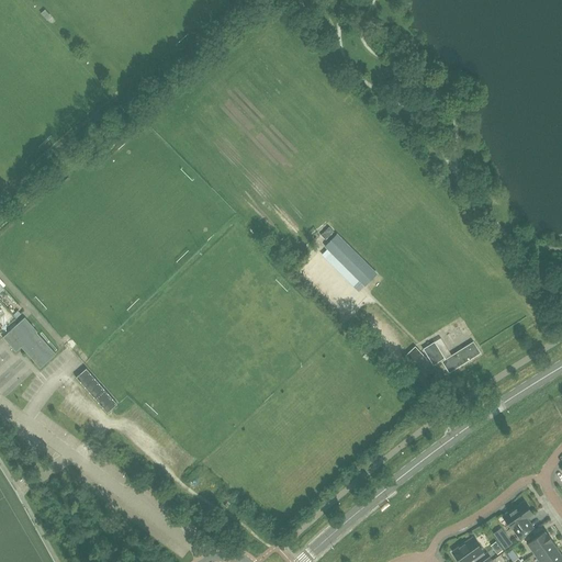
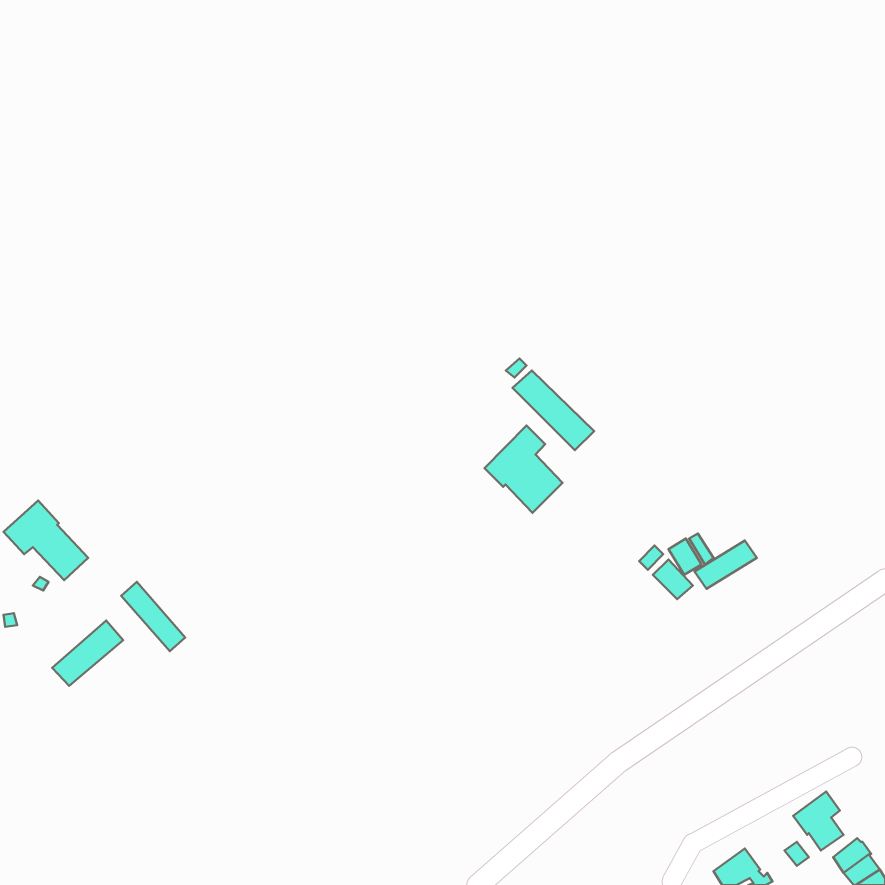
building: none -> [485,425,563,513]
building: none -> [52,621,123,686]

